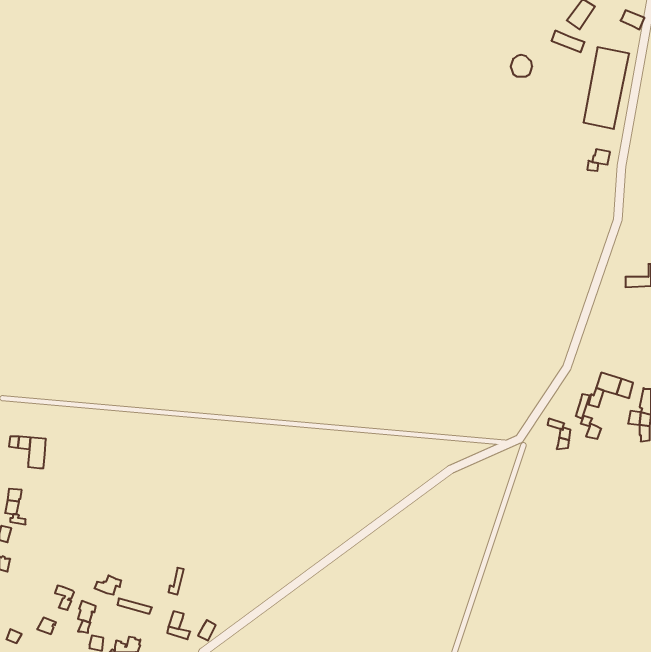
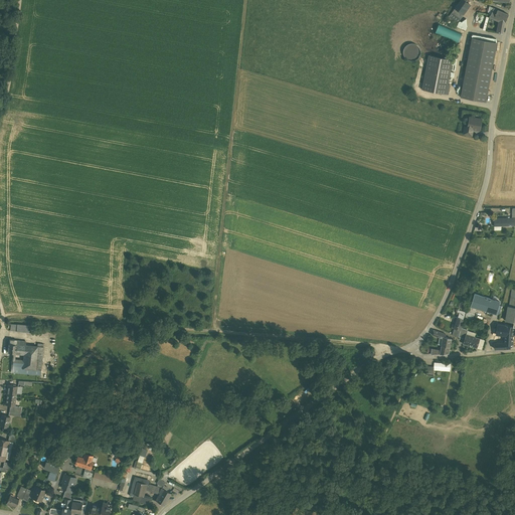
building: none -> [421,55,452,95]

